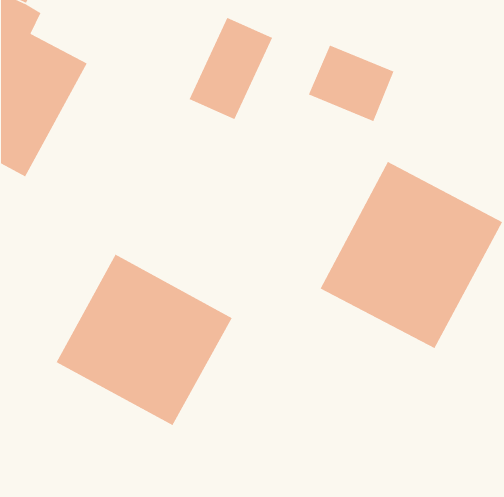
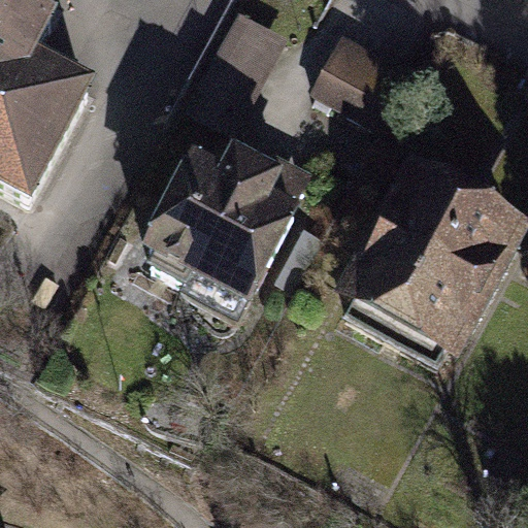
building: none -> [134,144,309,304]
building: [56,253,233,426] -> none

